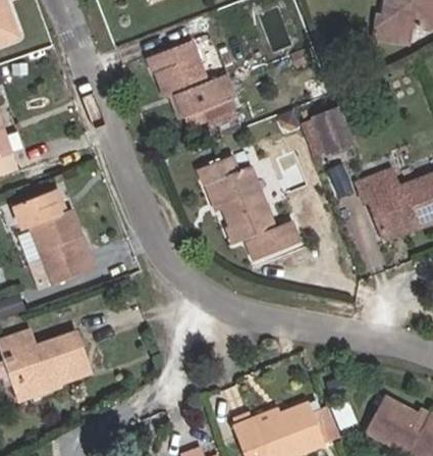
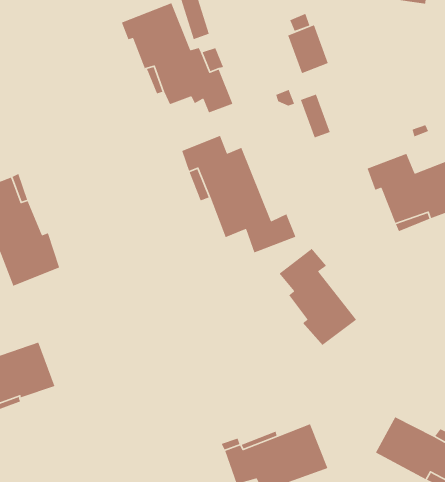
building: [314,109,349,152] -> [287,24,329,74]
building: none -> [279,248,357,346]

